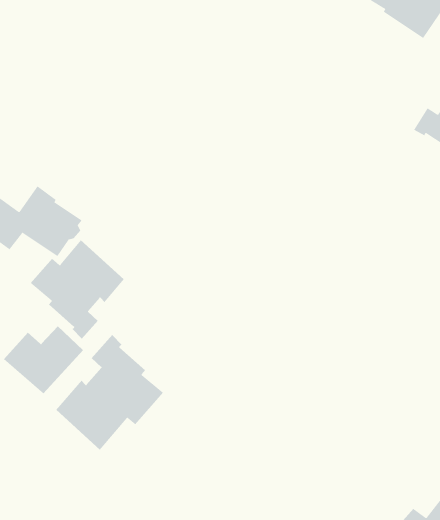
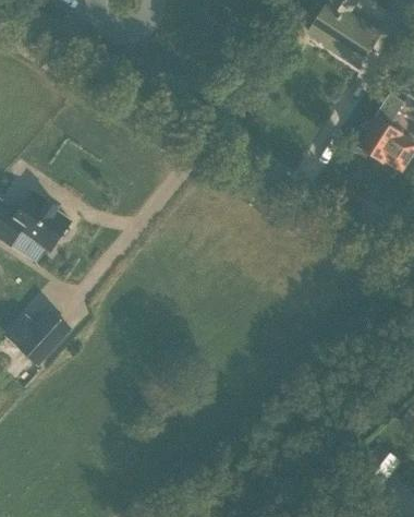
building: [30,239,125,339] -> none
building: [55,334,164,450] -> none

